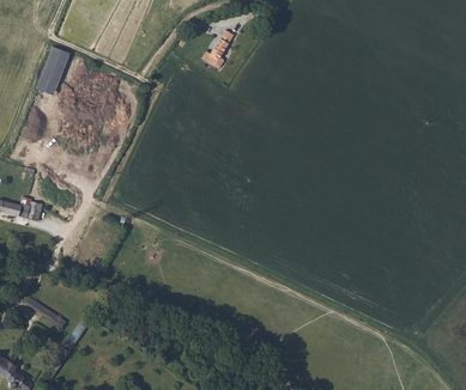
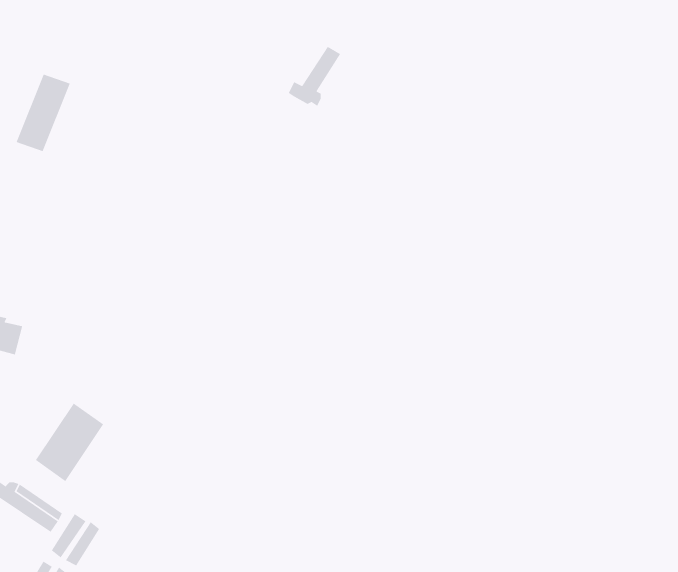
building: none -> [35,402,104,482]

